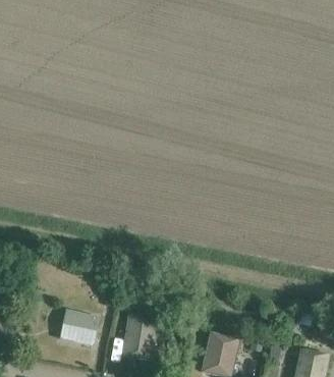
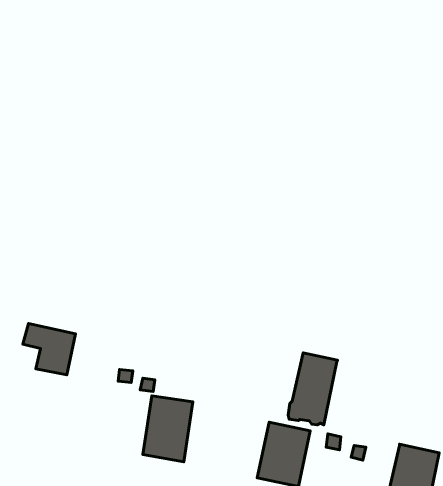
building: none -> [288,353,337,425]
building: [62,310,99,345] -> [23,324,76,375]

